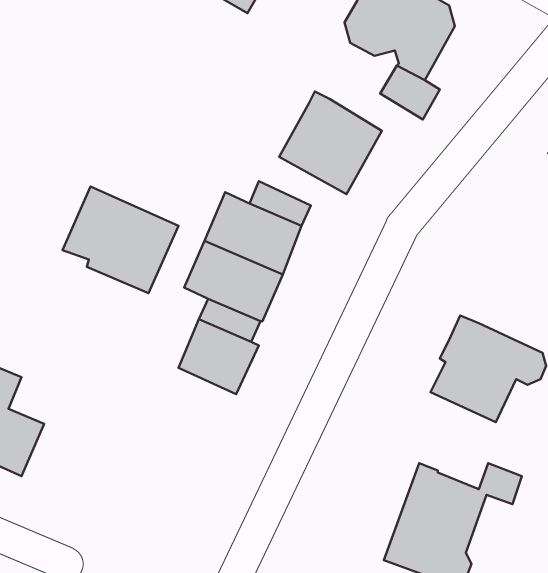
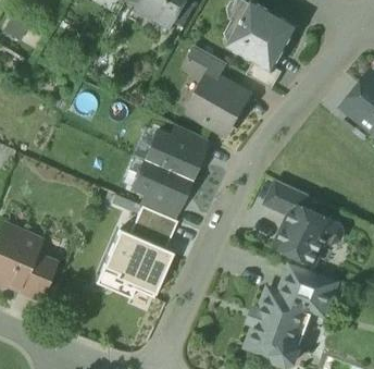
building: none -> [184,46,226,79]
building: [63,187,178,293] -> [104,230,172,292]
building: none -> [265,181,310,216]
building: none -> [280,268,335,305]

